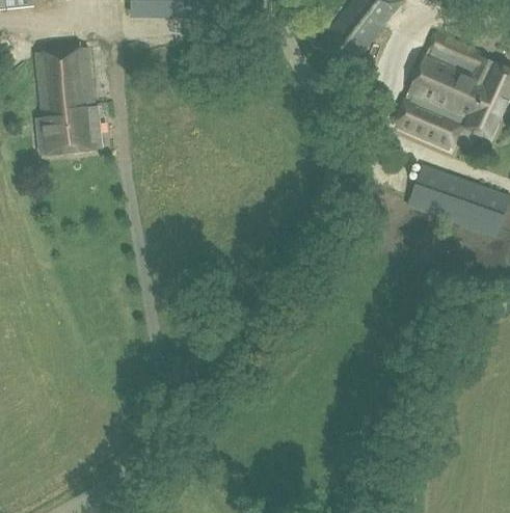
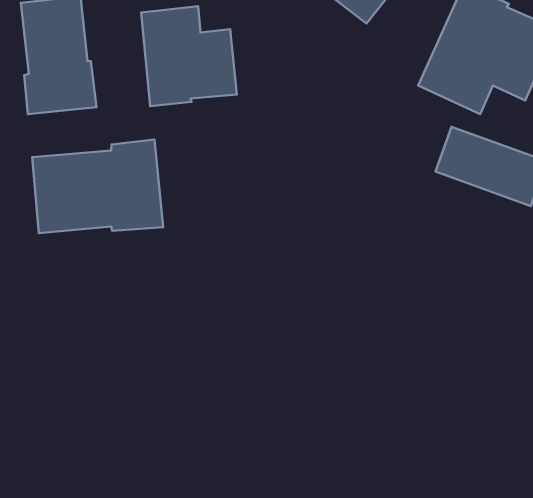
building: none -> [141,6,237,106]
building: none -> [32,139,163,233]

